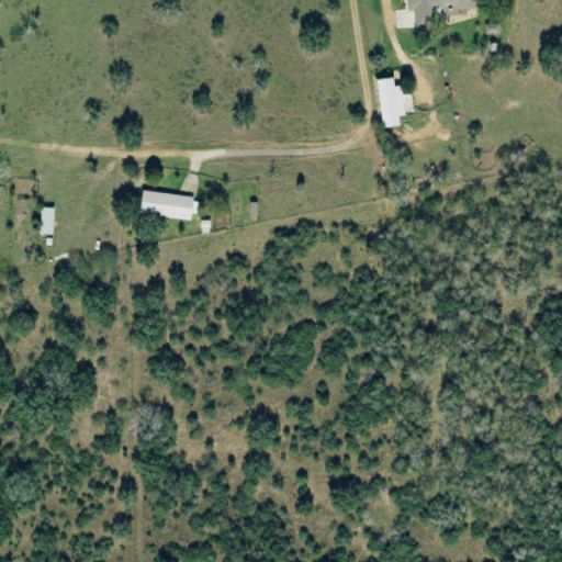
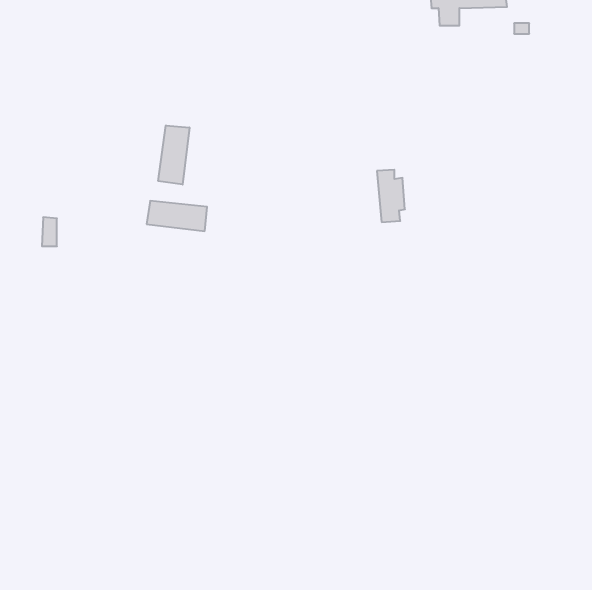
building: [378,76,404,125] -> [377,170,405,222]
building: none -> [158,125,189,185]

